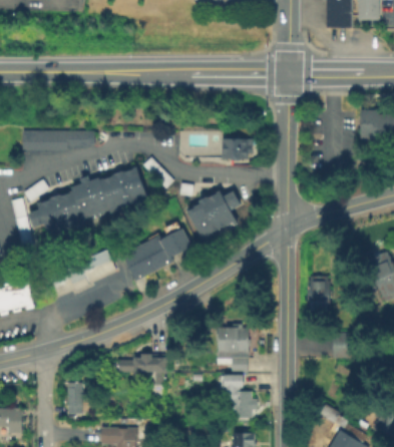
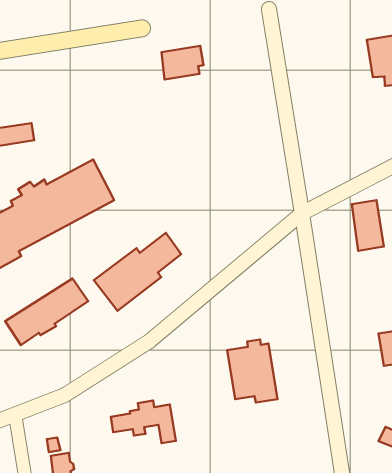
building: [220,137,251,158] -> [162,46,203,80]
building: [183,188,241,241] -> none
building: [309,275,329,311] -> [352,200,384,251]
building: [223,374,256,418] -> none

